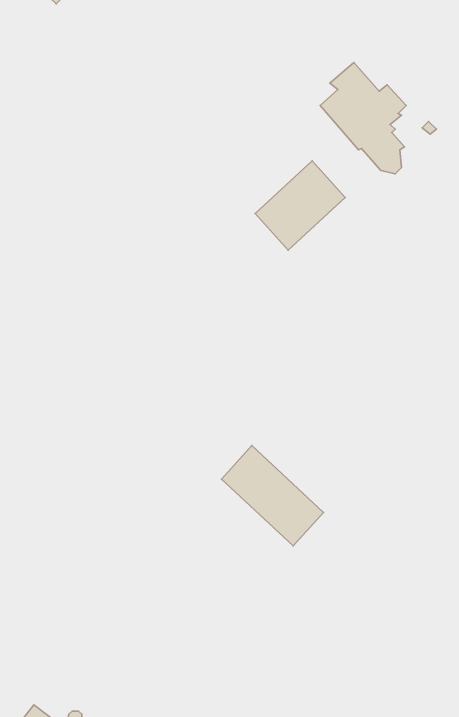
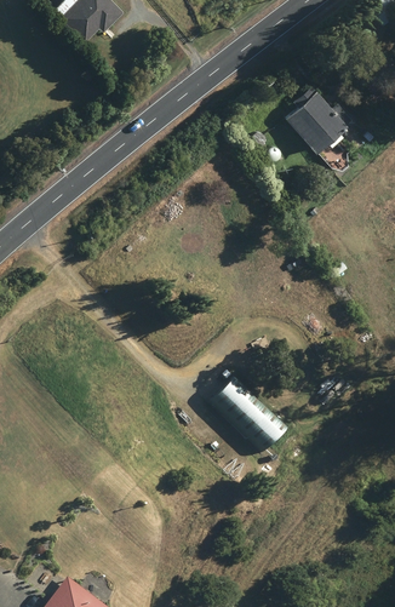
building: [255,161,345,250] -> none

